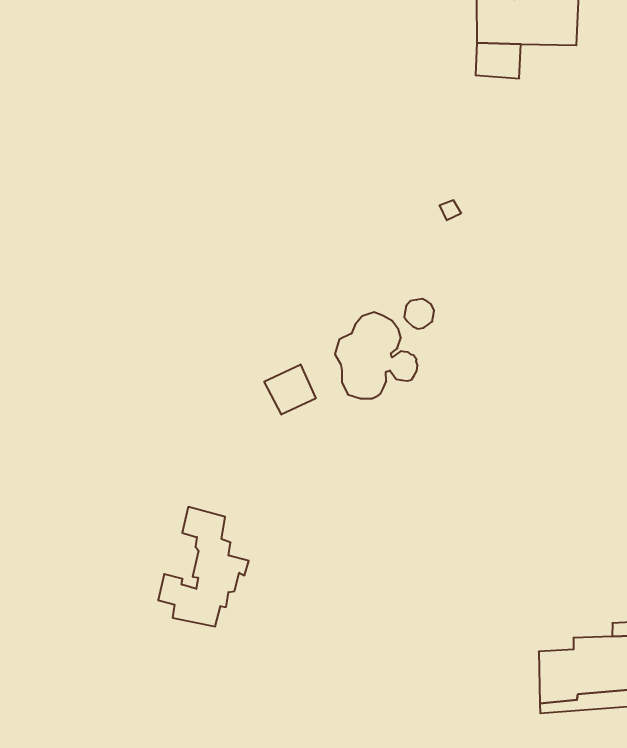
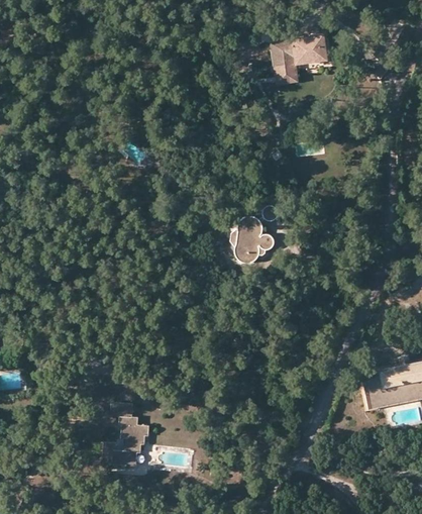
building: [264,364,316,415] -> none
building: [158,507,249,626] -> [103,404,147,465]

